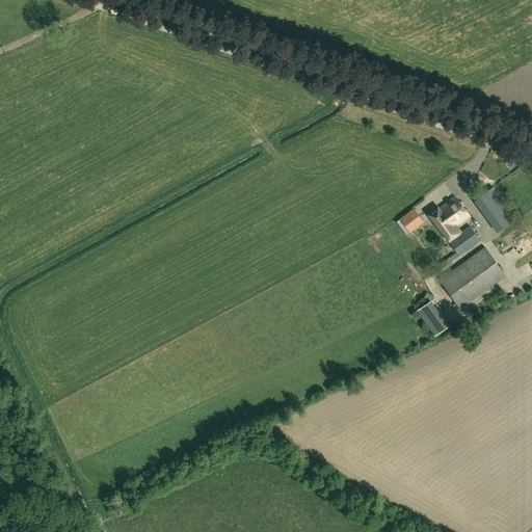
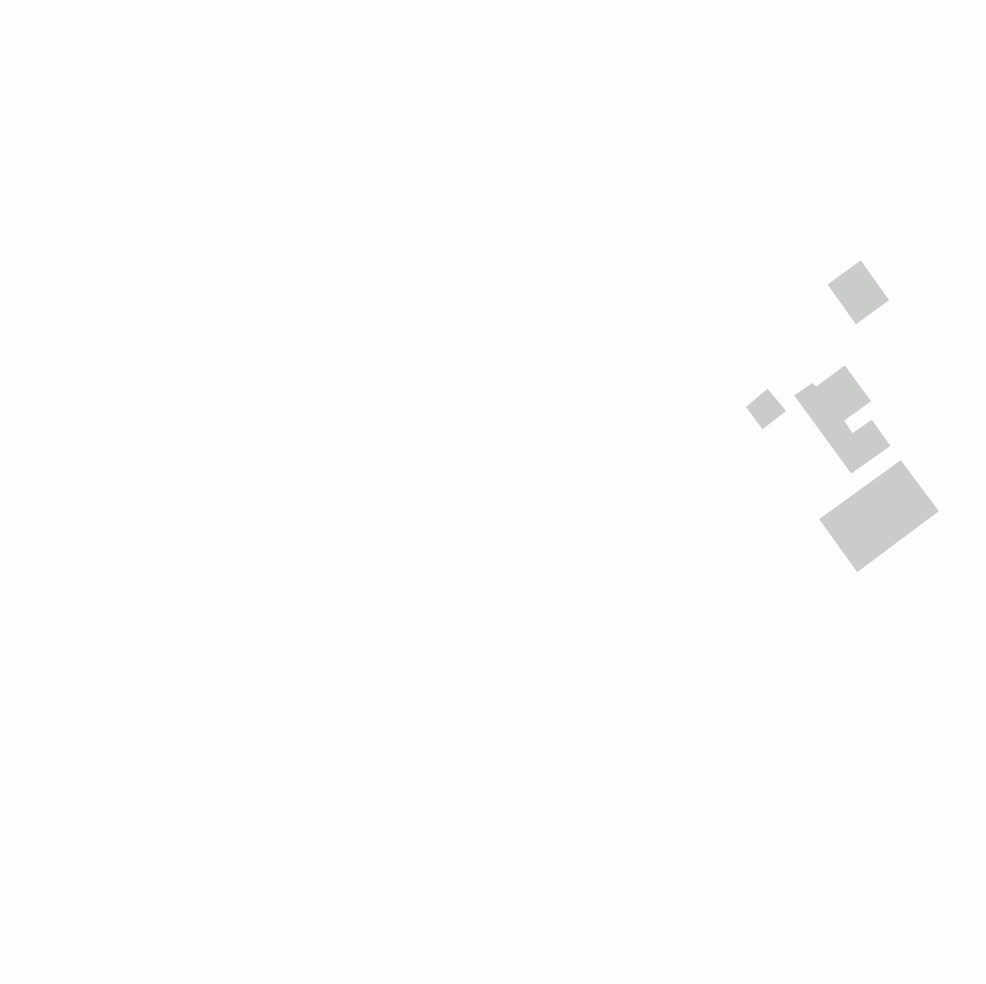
building: [475,187,509,222] -> [826,260,890,325]
building: [417,300,450,336] -> none

